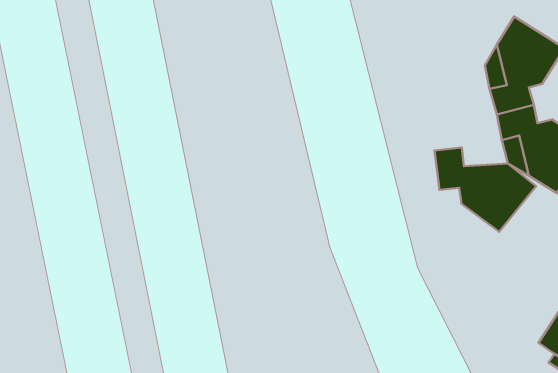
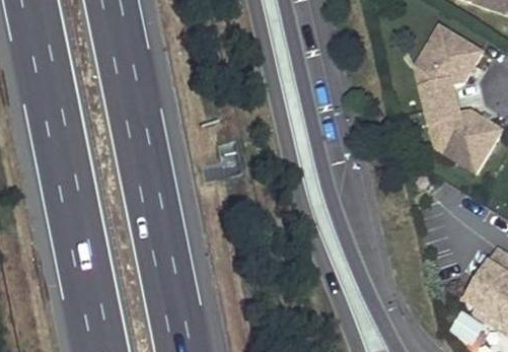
building: [434,148,536,232] -> none

